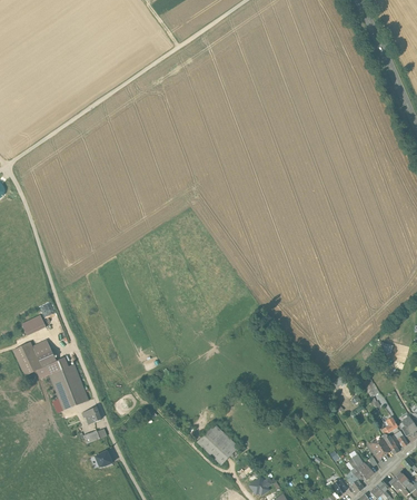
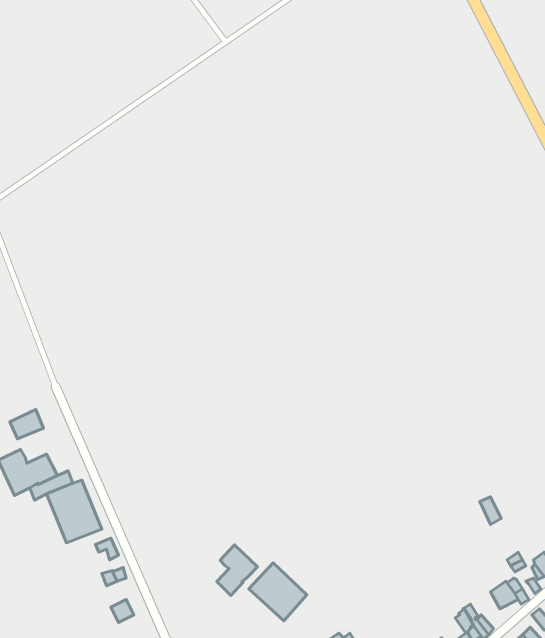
building: none -> [217,545,258,595]

